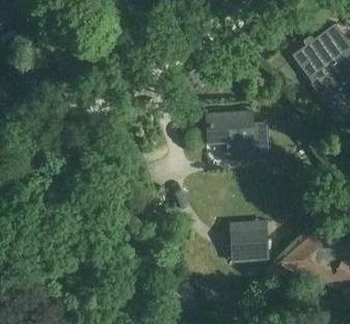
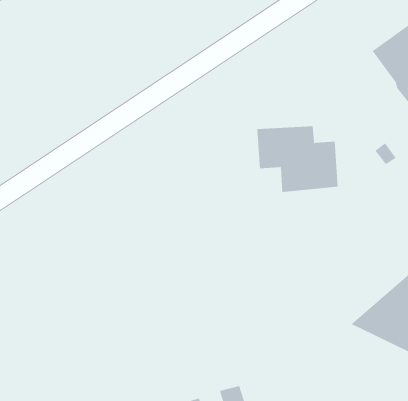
building: [227,227,268,258] -> none

